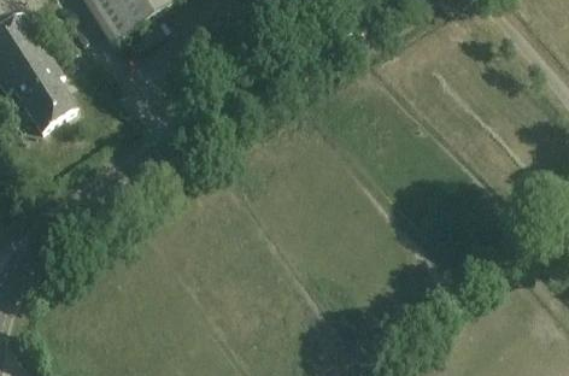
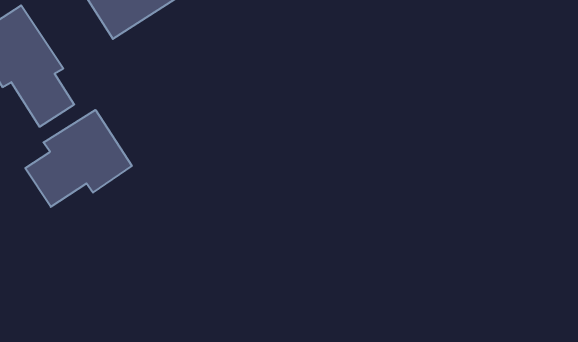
building: none -> [25,110,132,207]

